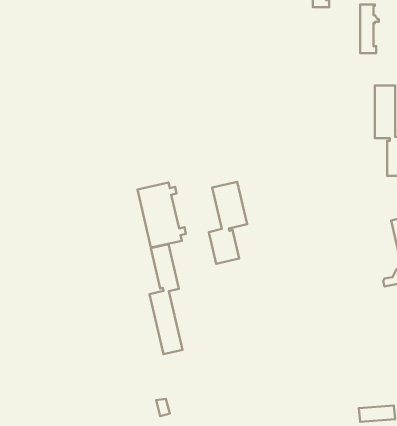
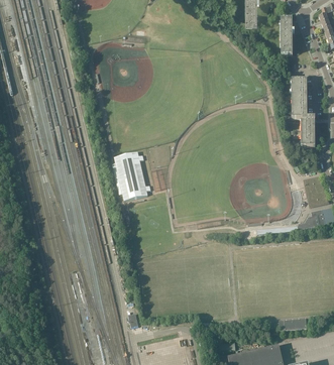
building: [209,182,247,264] -> none
building: [150,244,183,354] -> none

